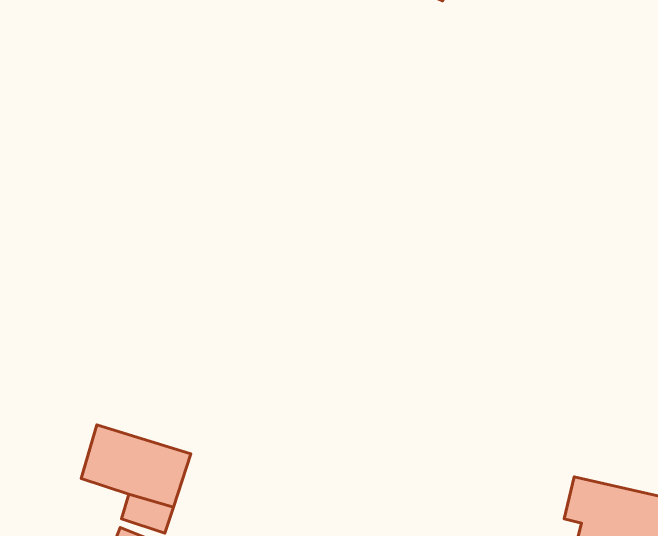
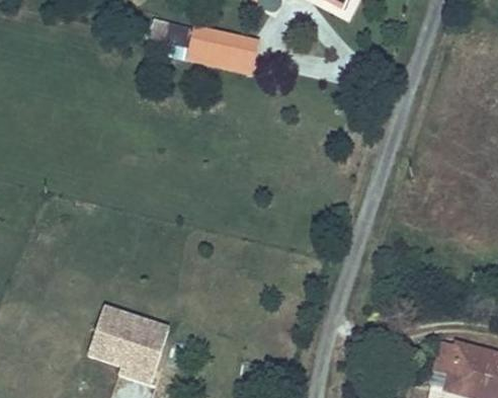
building: none -> [147,16,260,72]

